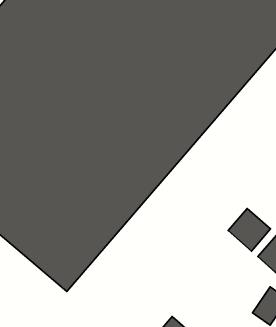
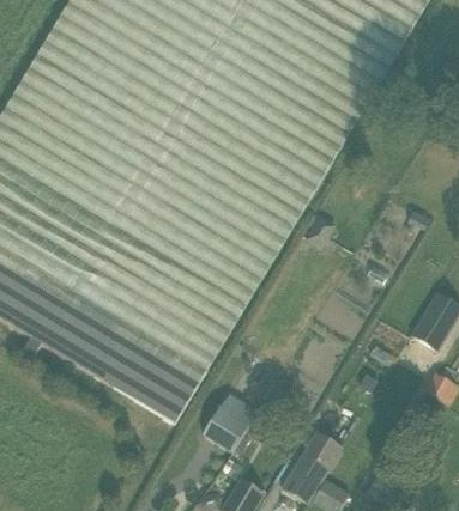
building: [228,208,271,251] -> none
building: none -> [201,393,258,454]

